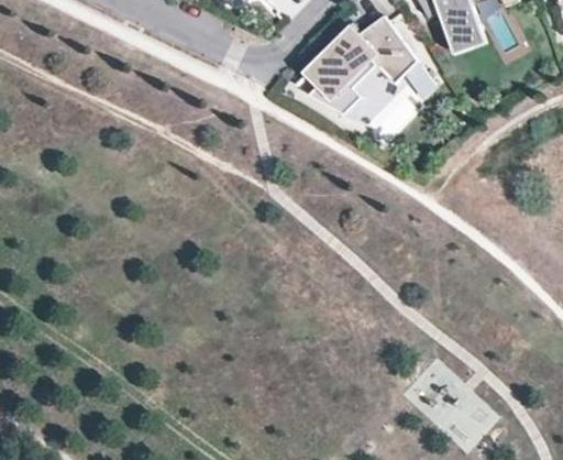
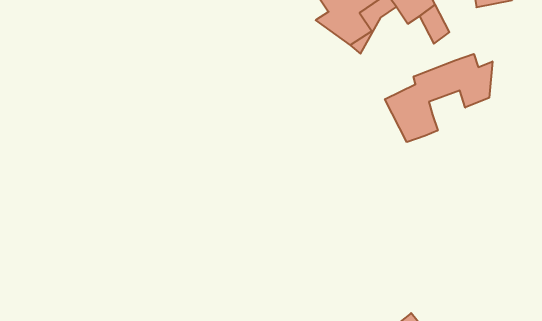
building: none -> [385,54,492,142]

